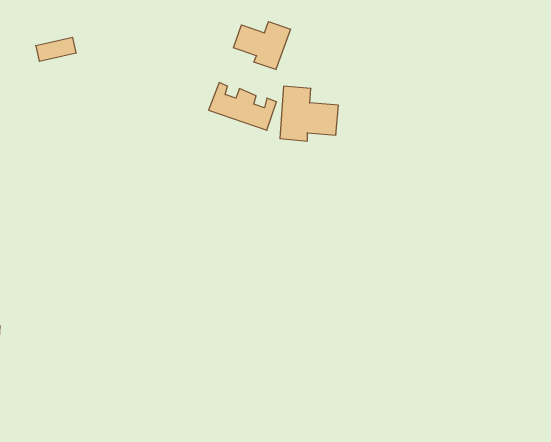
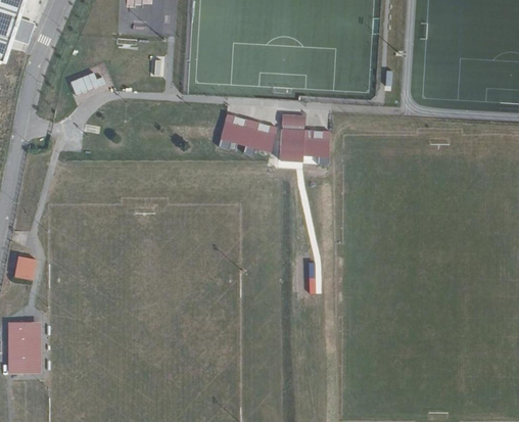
building: [234,22,290,70] -> none

